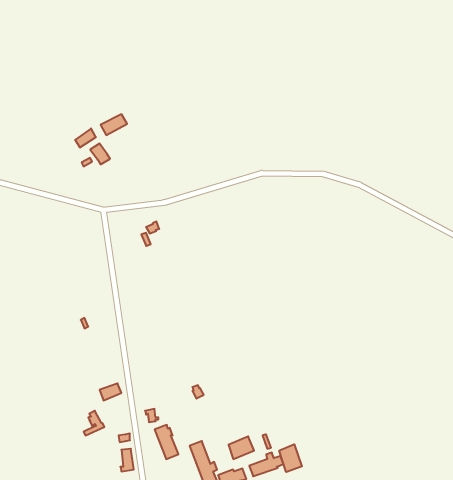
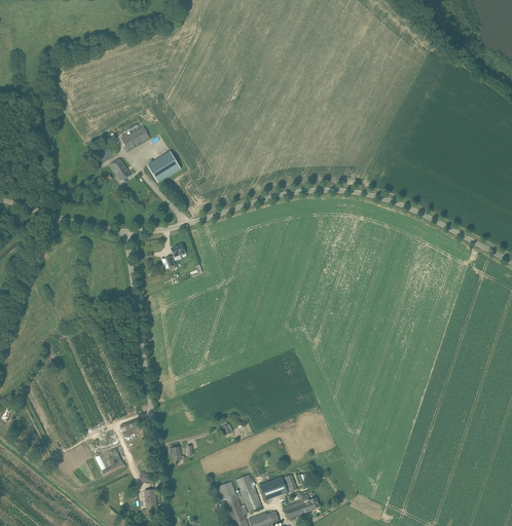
building: none -> [148,151,181,182]
building: [155,425,178,459] -> [236,474,262,511]
building: [279,444,302,472] -> none

